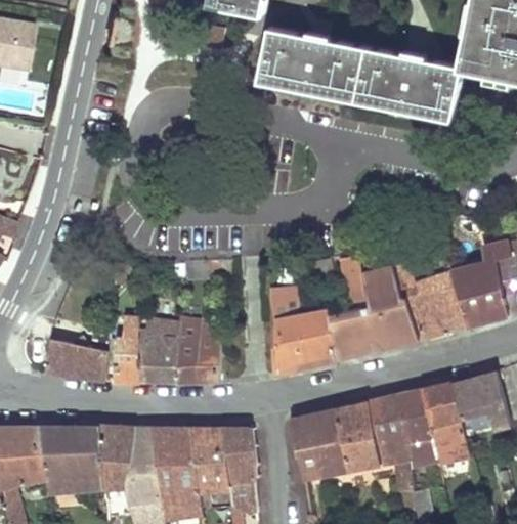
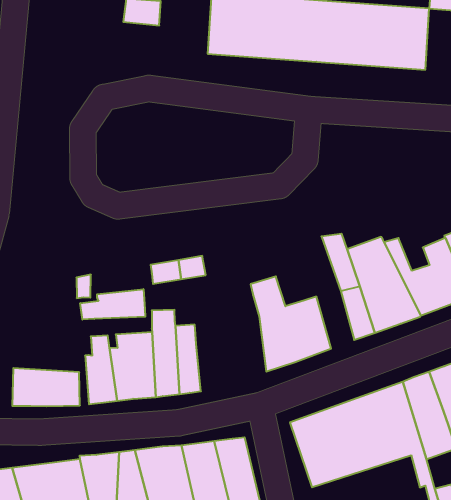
building: none -> [80,289,145,320]
building: [328,309,356,359] -> none

